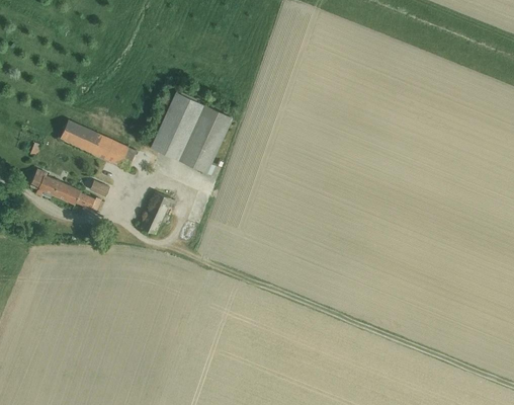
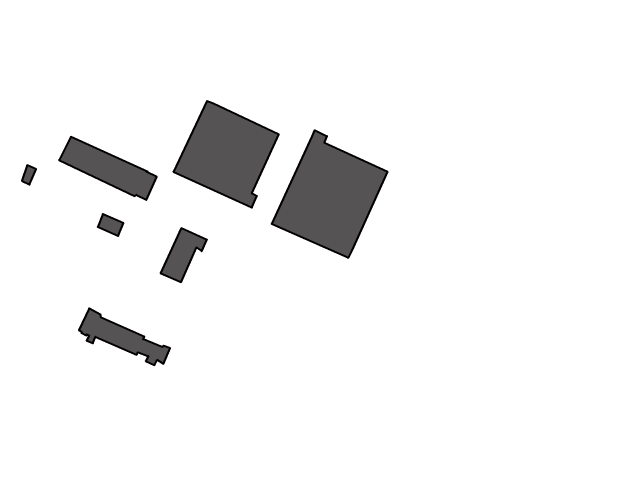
building: none -> [272,130,387,258]
building: [28,168,100,213] -> [79,308,170,365]

